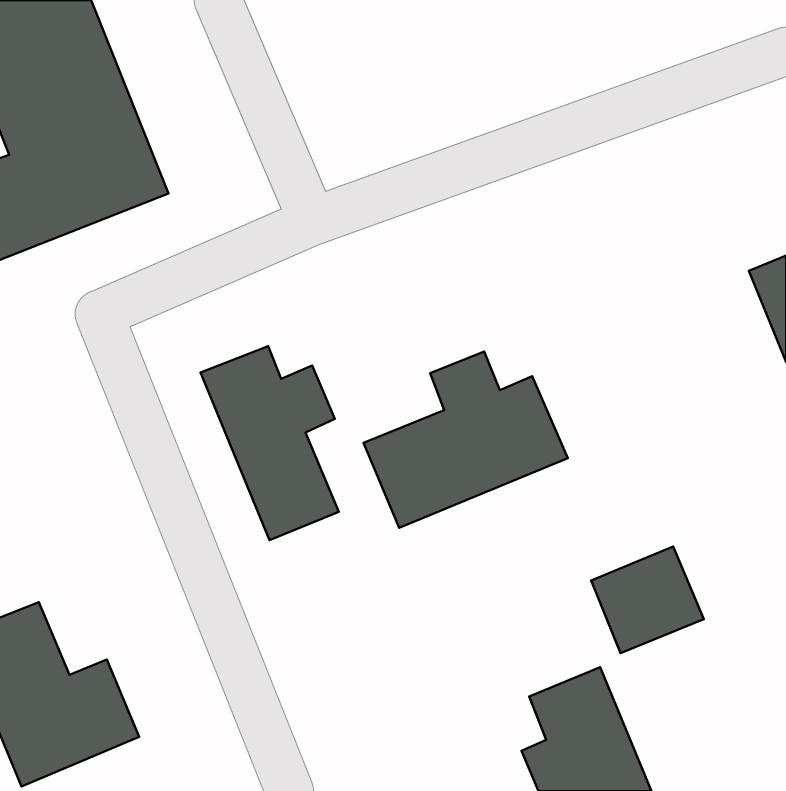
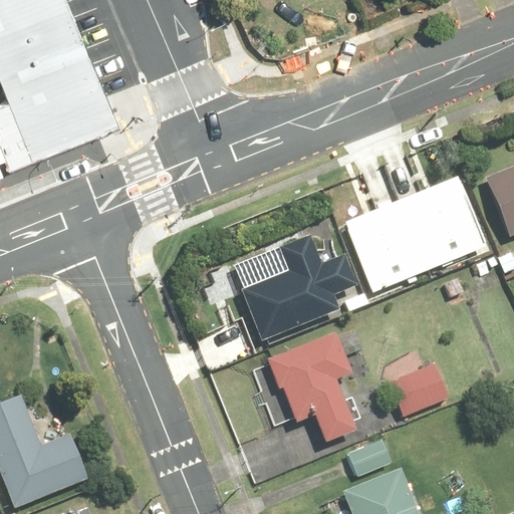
building: none -> [341,178,490,297]
building: [200,346,339,540] -> none
building: none -> [268,331,372,444]

